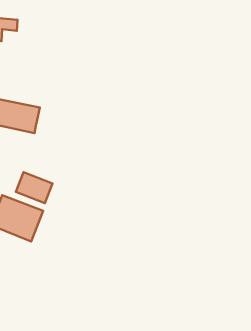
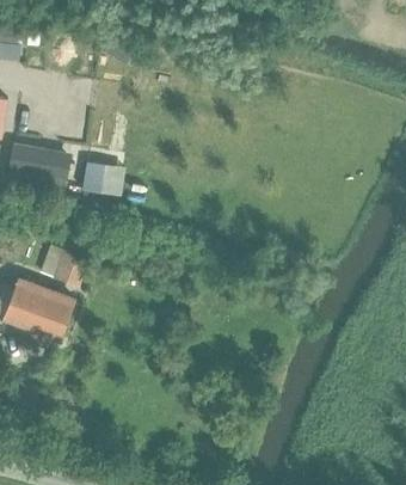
building: none -> [81,161,124,196]

